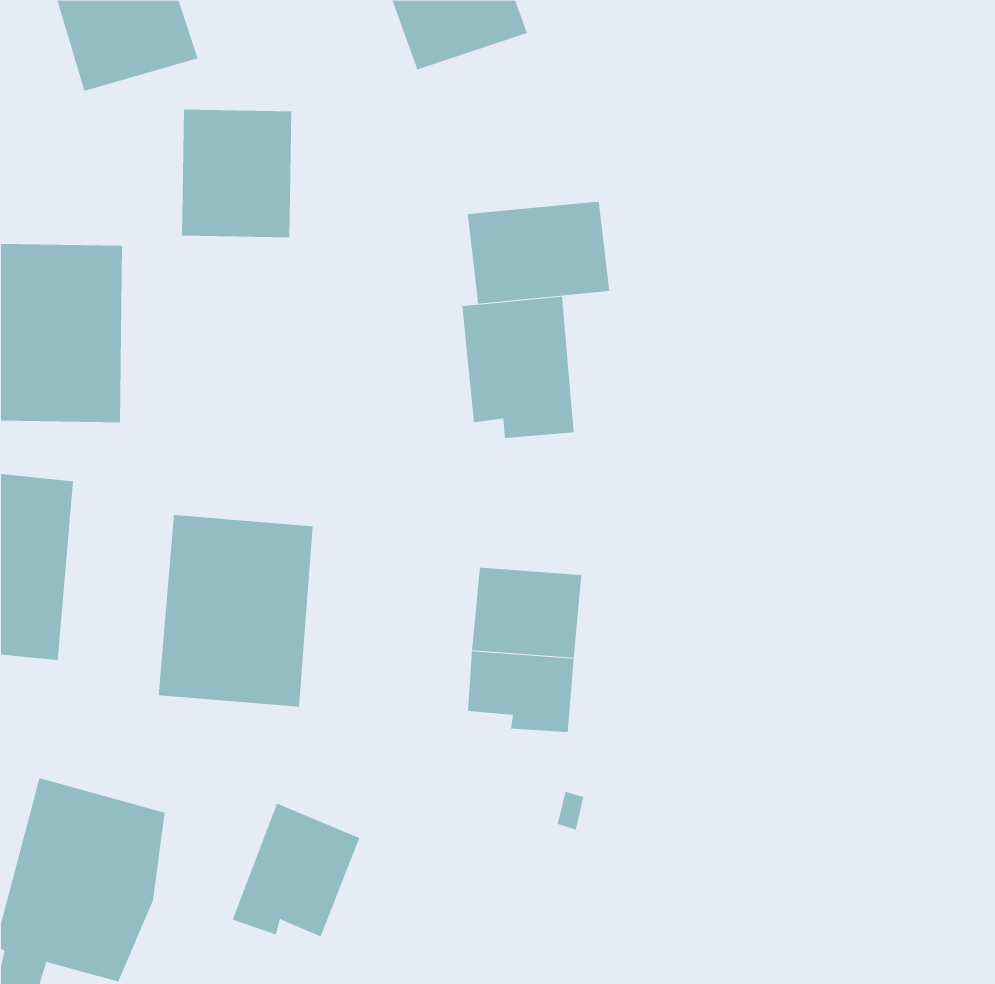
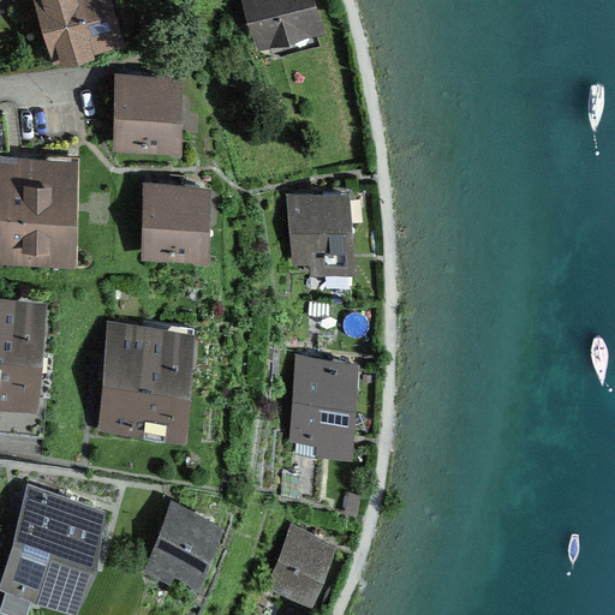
building: [467,201,610,304] -> none
building: none -> [141,183,209,262]
building: none -> [275,533,324,596]

